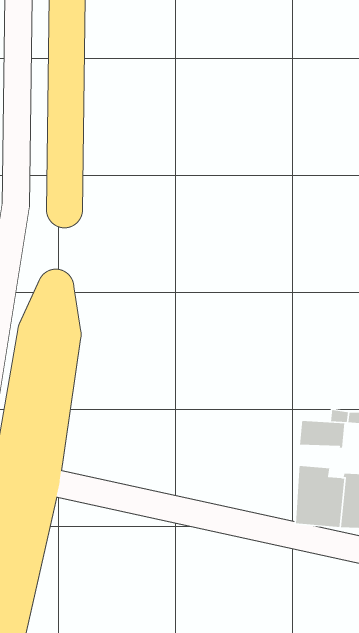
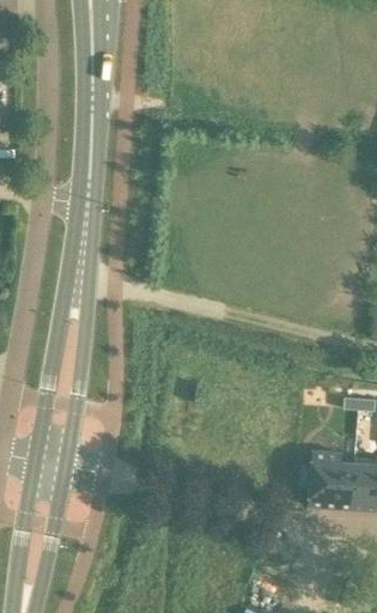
building: [299,420,345,449] -> none

